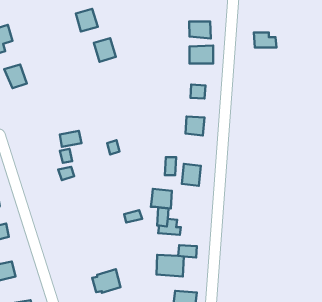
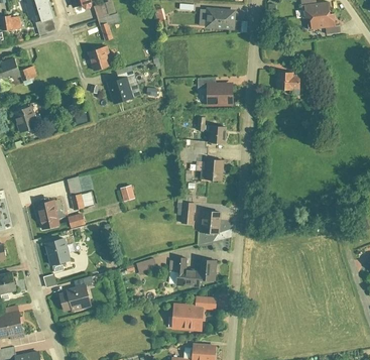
building: [189,22,211,38] -> none
building: none -> [36,200,58,229]
building: [151,189,172,209] -> [195,258,217,279]
building: none -> [45,239,69,263]
building: [92,269,121,293] -> [59,285,90,311]

